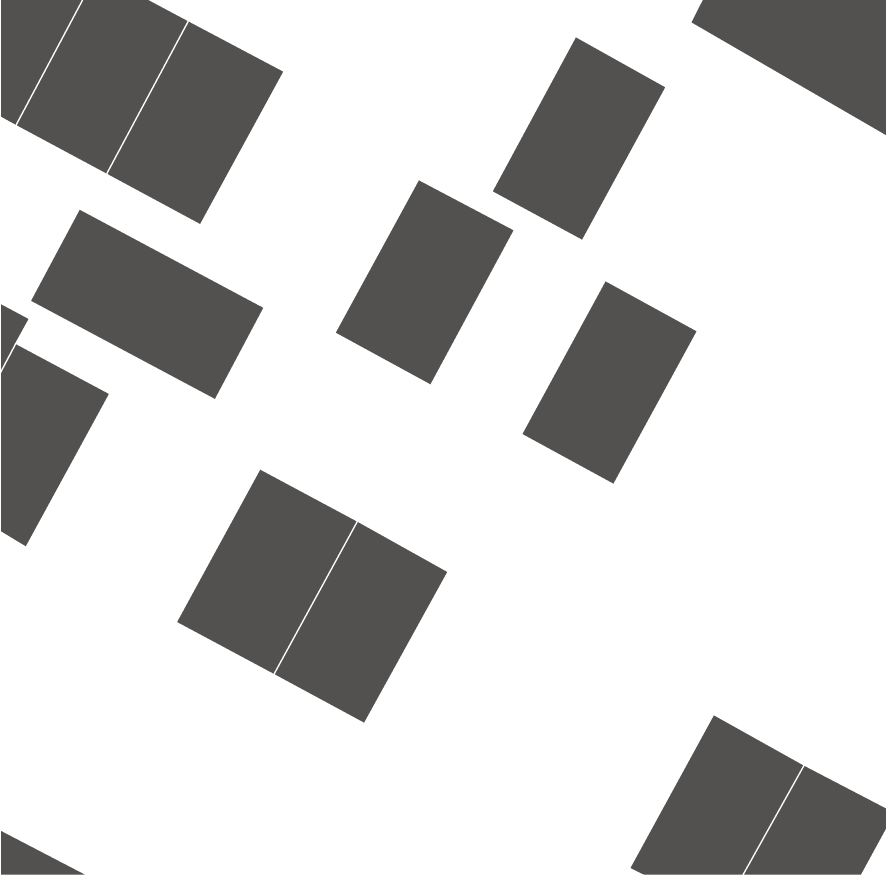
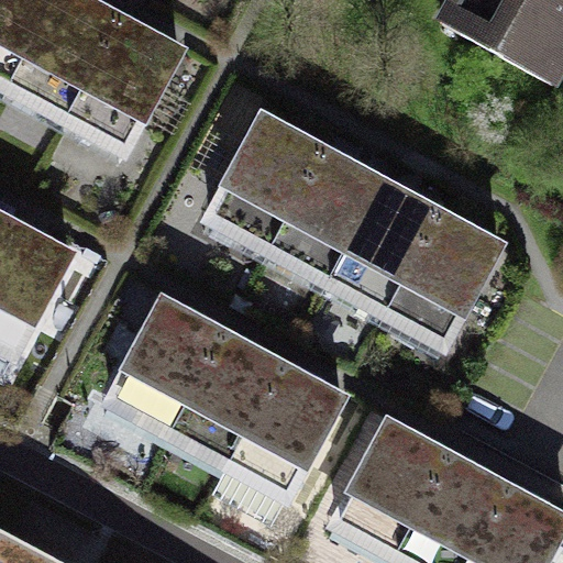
building: [492,36,666,240] -> [275,145,385,274]
building: [30,209,264,400] -> none
building: none -> [390,209,501,338]
building: none -> [233,361,344,488]
building: none -> [340,418,453,548]

